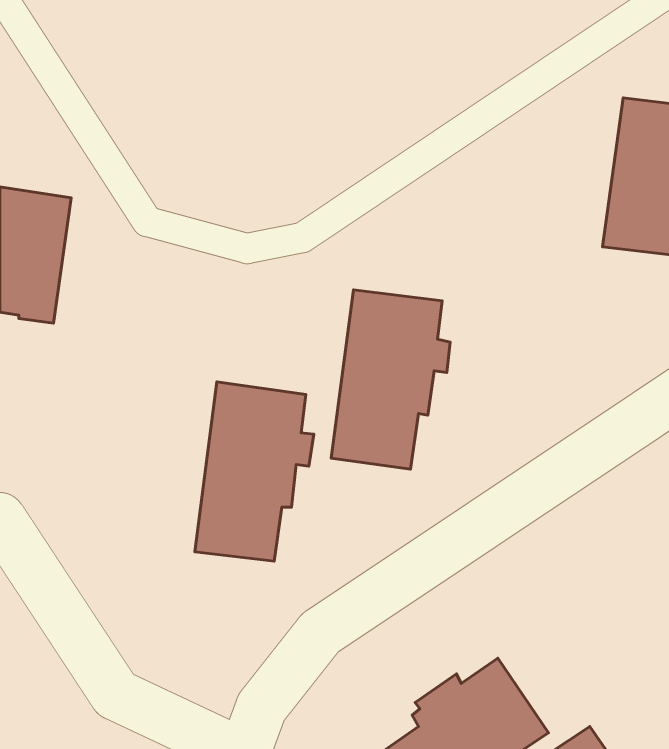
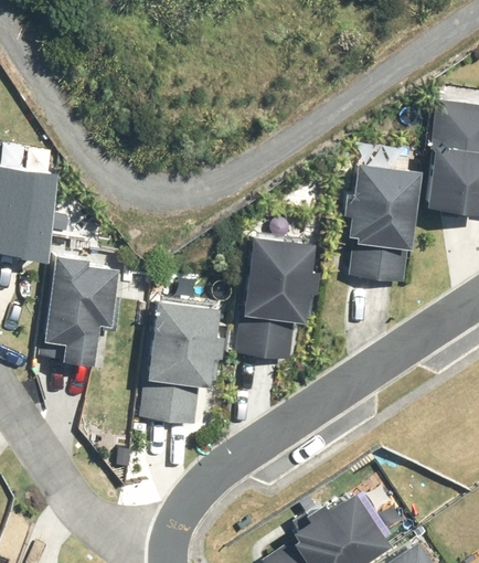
building: none -> [343,163,419,284]
building: none -> [43,254,121,364]

